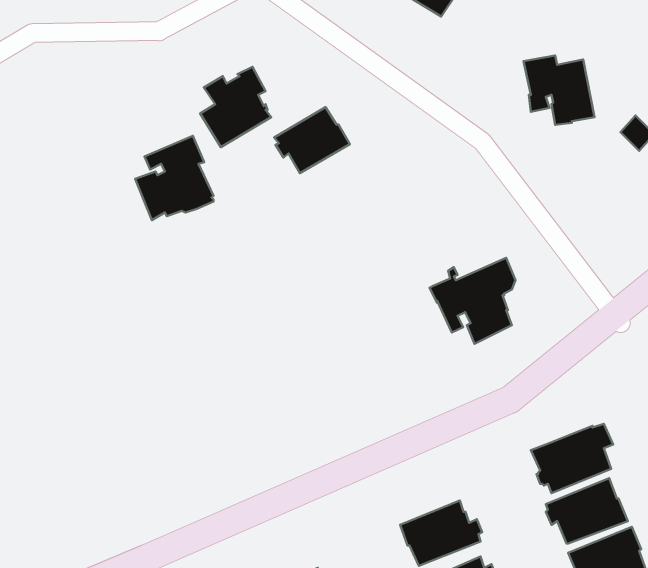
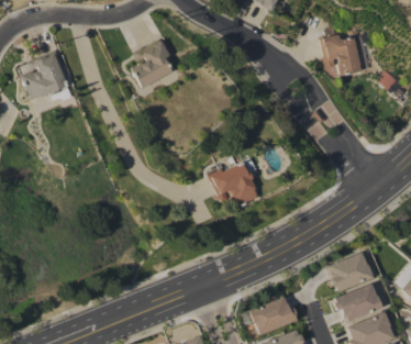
building: [274,107,350,173] -> none
building: [135,136,214,220] -> [22,49,68,99]
building: [430,258,515,344] -> [208,157,258,208]

